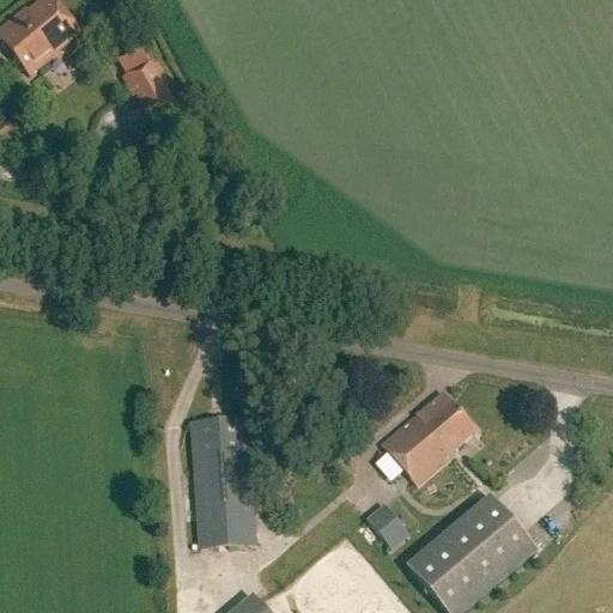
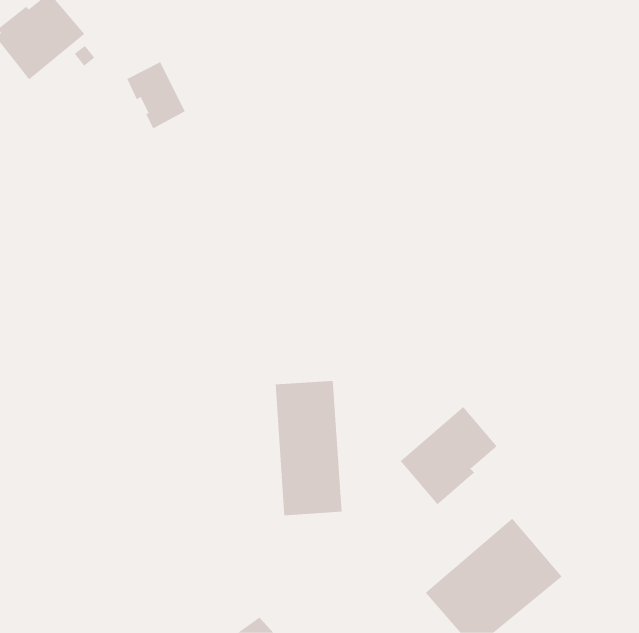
building: [192,415,256,545] -> [275,380,342,516]
building: [365,504,408,550] -> none

